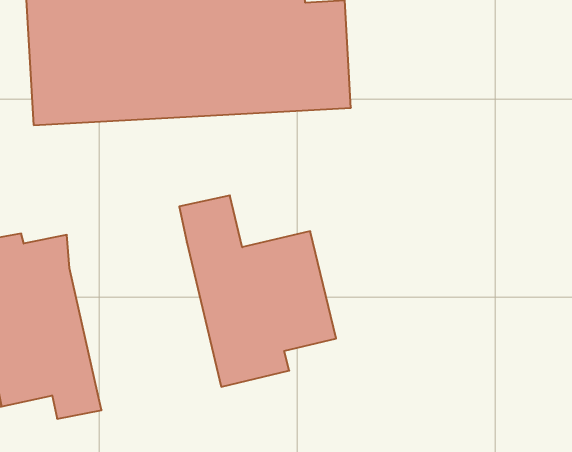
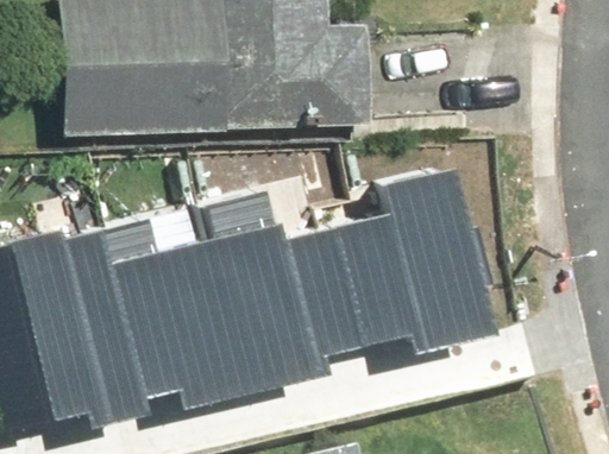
building: none -> [334,171,490,347]
building: none -> [102,244,249,396]

